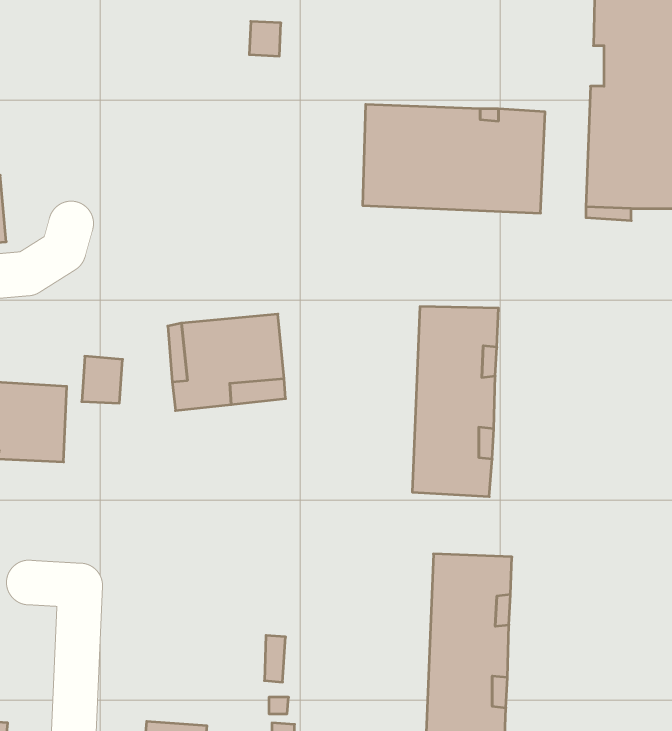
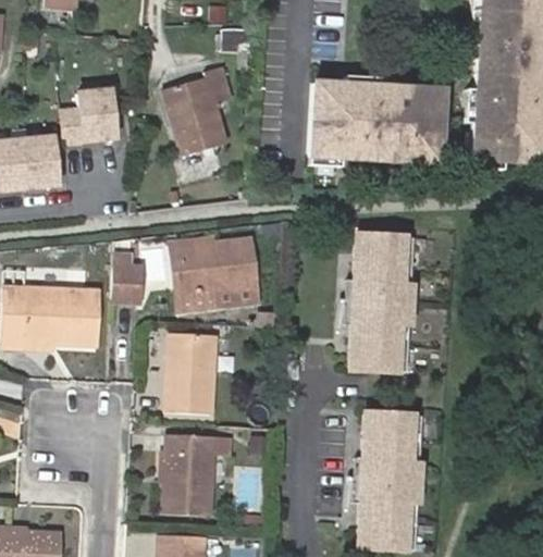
building: none -> [162,67,231,157]
building: none -> [61,91,113,144]
building: none -> [165,326,215,408]
building: none -> [163,432,231,512]

